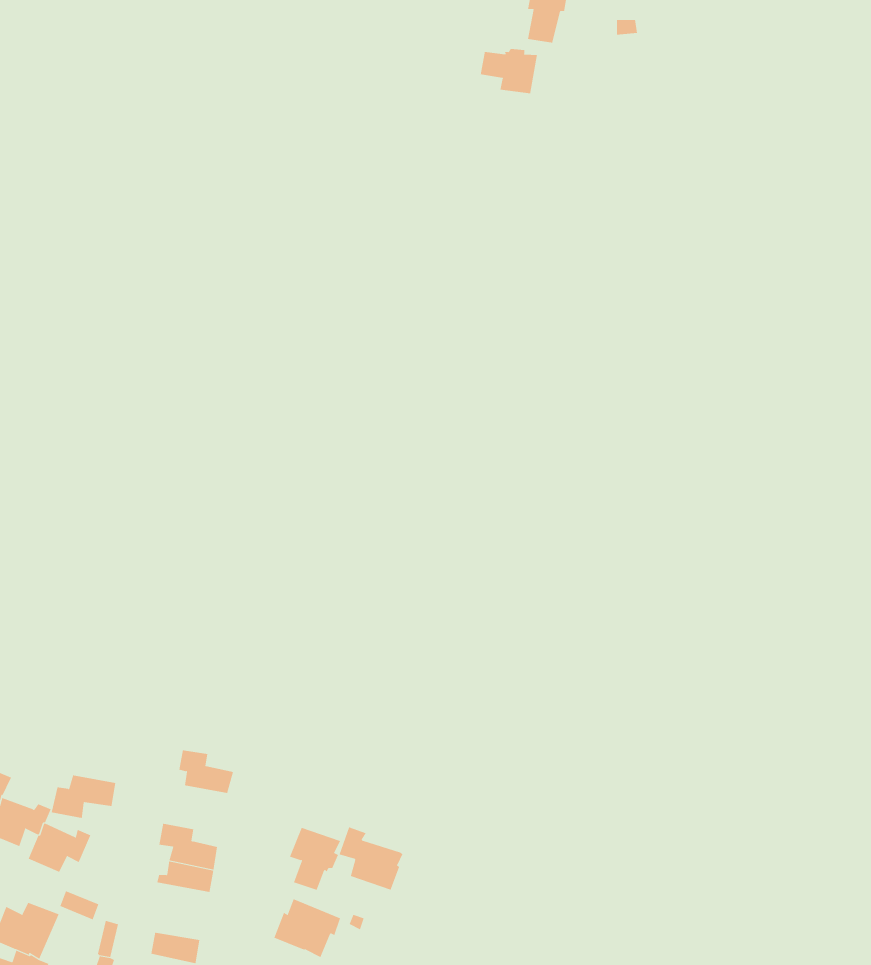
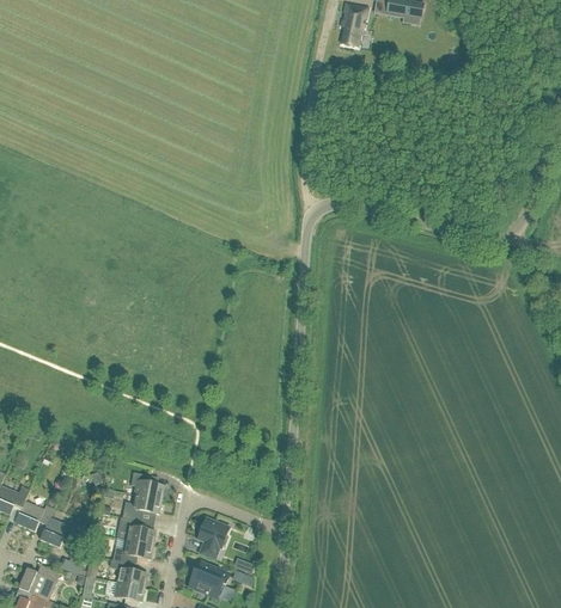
building: [480,48,538,94] -> none
building: [51,775,116,818] -> [121,495,160,521]
building: [339,827,403,891] -> none
building: none -> [109,559,146,588]

